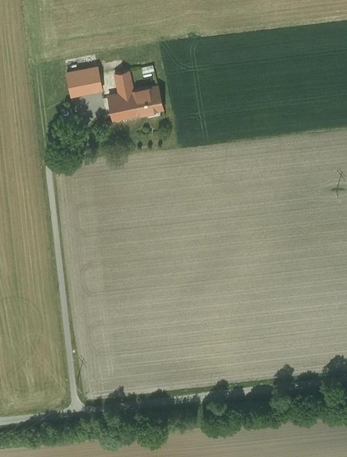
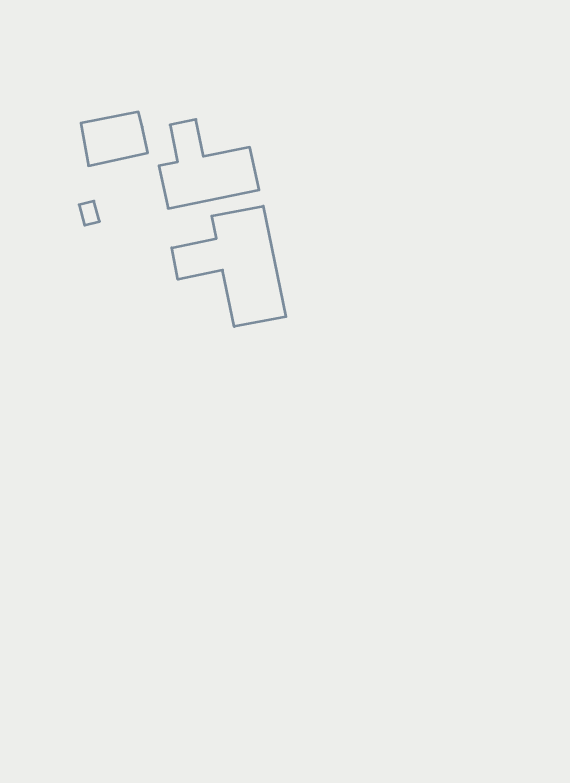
building: none -> [172,206,286,327]

